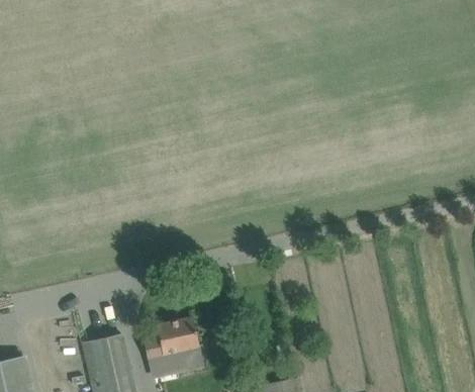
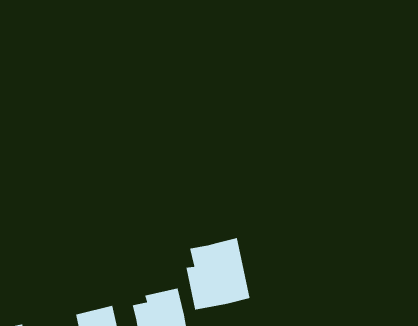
building: none -> [185,237,251,311]

